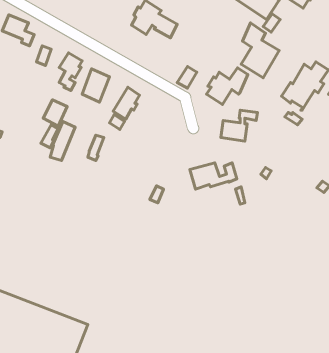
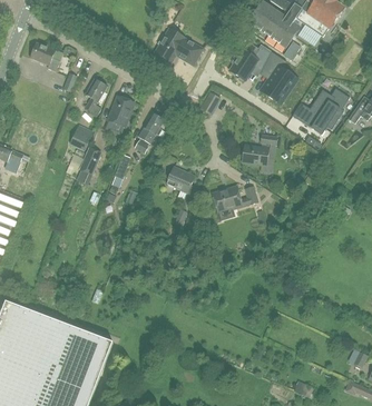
building: [207,68,248,104] -> [231,43,271,79]
building: none -> [165,166,196,202]

